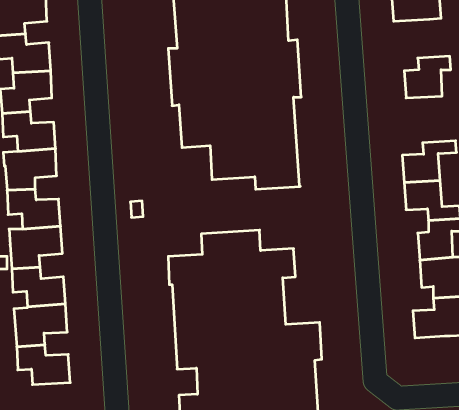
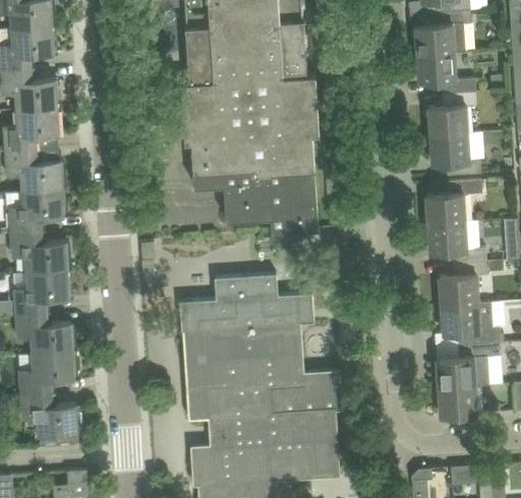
building: none -> [416,53,475,94]
building: none -> [429,133,480,175]
building: none -> [439,385,477,417]

